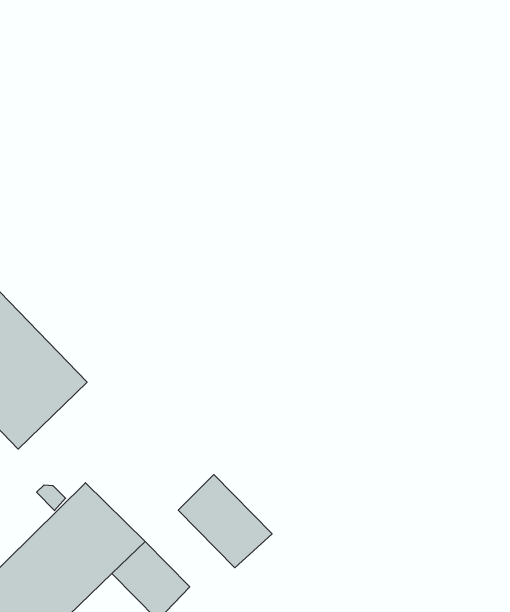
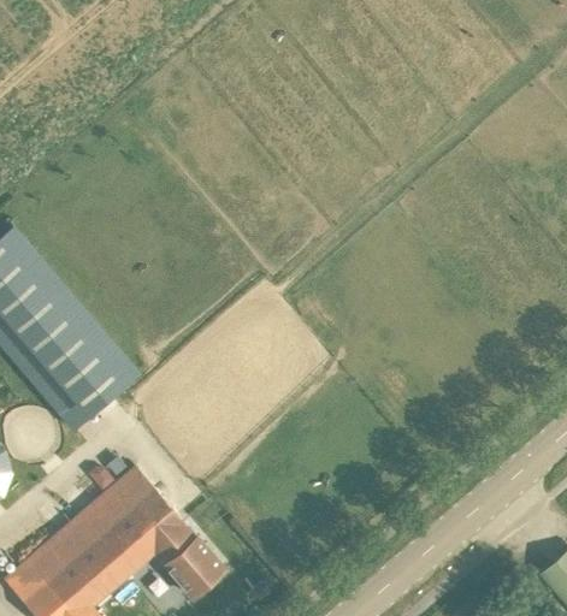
building: [178,475,272,568] -> none

